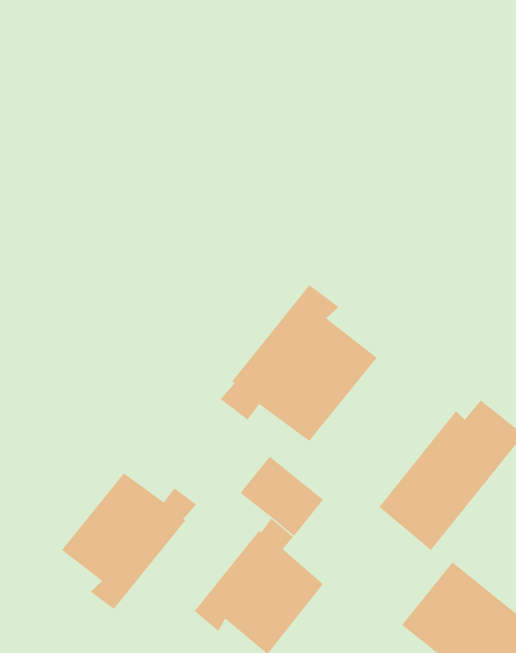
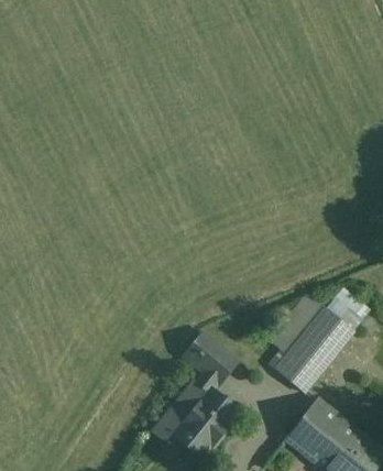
building: [220,284,377,442] -> none
building: [61,472,197,610] -> none

